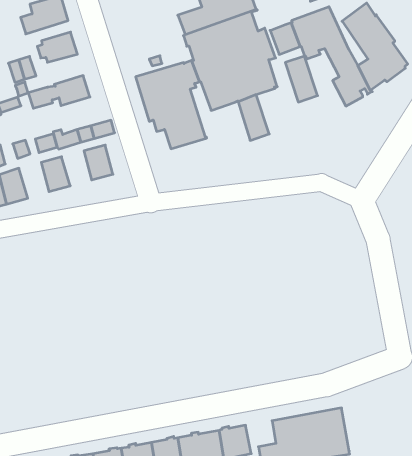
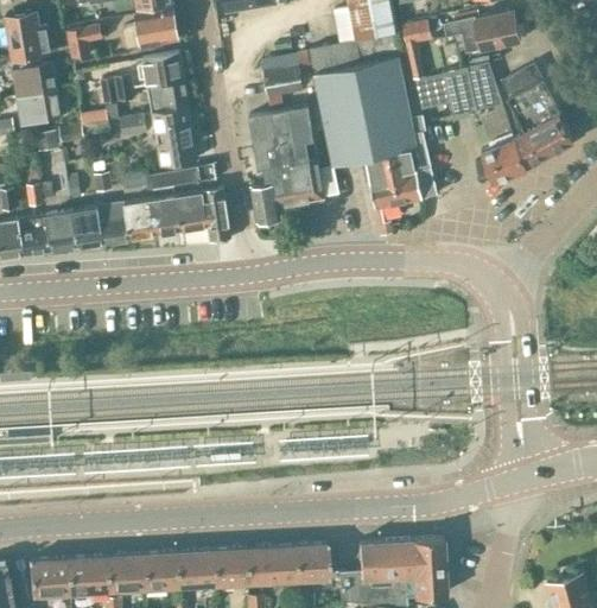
building: none -> [261,50,315,95]
building: none -> [141,81,188,113]
building: [285,56,318,102] -> [389,151,423,204]
building: none -> [157,133,197,166]
building: none -> [250,183,282,226]
building: none -> [203,189,231,245]
building: none -> [150,196,182,235]
building: none -> [97,203,129,243]

